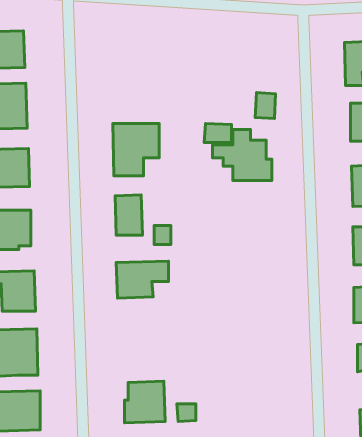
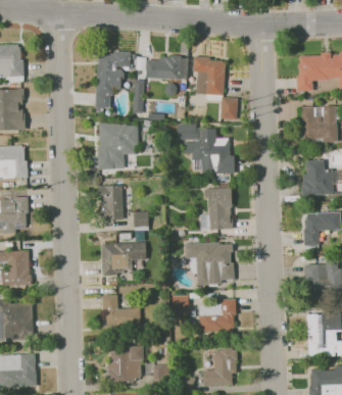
building: none -> [95,51,131,109]
building: none -> [146,55,189,80]
building: none -> [195,57,225,95]
building: none -> [207,188,233,229]
building: none -> [185,243,233,284]
building: none -> [102,294,141,325]
building: none -> [199,298,236,332]
building: none -> [203,348,237,386]

